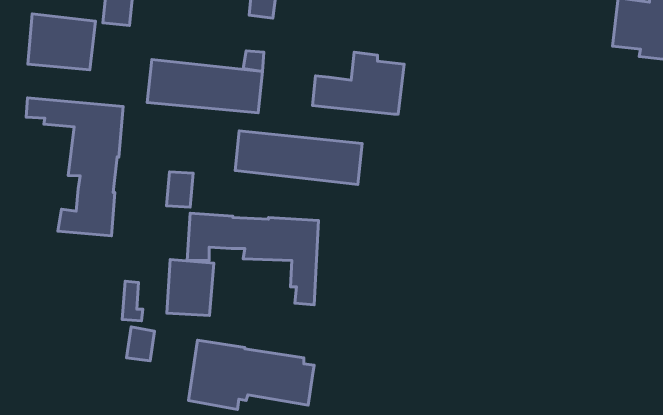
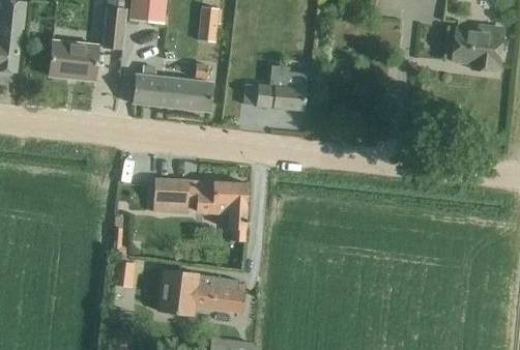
building: [26,98,123,236] -> none
building: [235,131,362,185] -> none
building: [167,259,214,316] -> none

